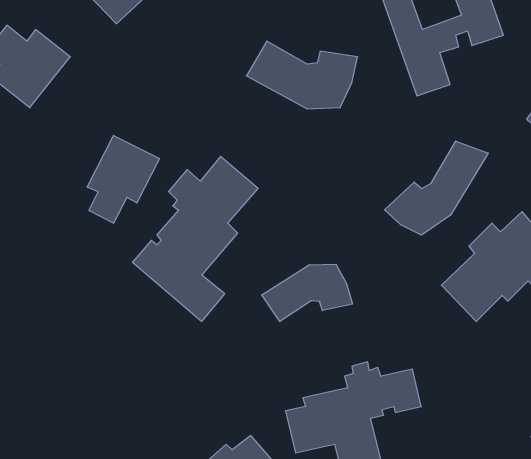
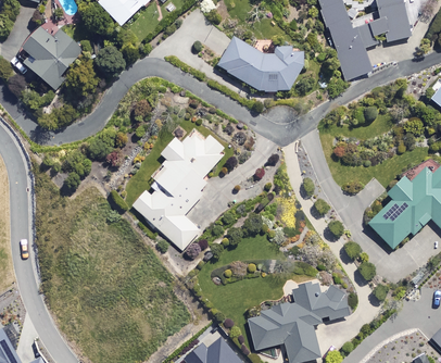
building: [87,135,159,223] -> none
building: [385,141,488,235] -> none
building: [262,264,352,322] -> none

